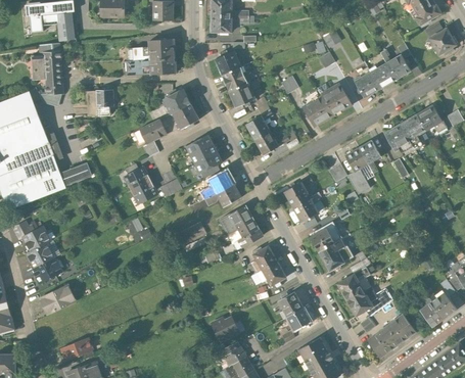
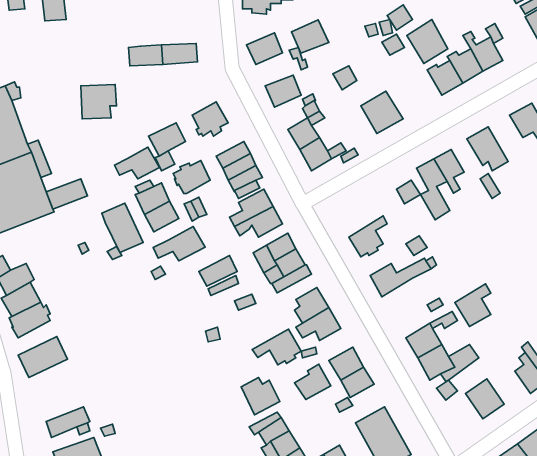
building: [131,38,175,59] -> none
building: [31,43,62,94] -> none
building: [221,64,249,90] -> [292,20,329,53]
building: [321,82,353,115] -> [407,20,448,63]
building: [161,87,190,112] -> [173,160,210,194]
building: [400,112,426,148] -> none
building: none -> [115,147,160,179]
building: none -> [102,203,143,252]
building: [283,181,319,206] -> none
building: none -> [153,227,205,261]
building: [318,238,345,271] -> [455,284,491,326]
building: none -> [252,329,301,365]
building: none -> [294,364,331,400]
building: [366,327,396,358] -> none

